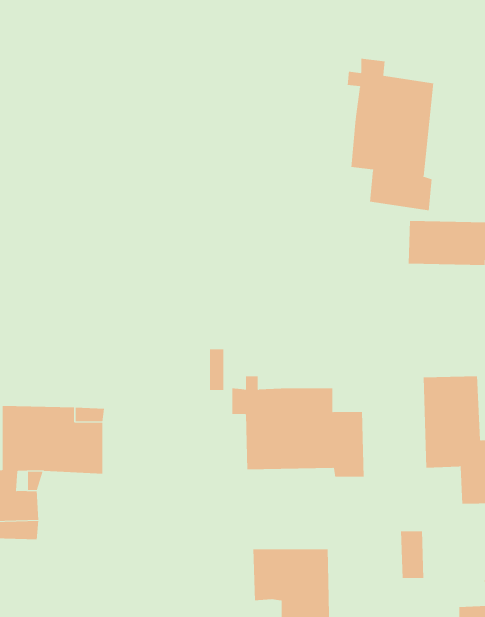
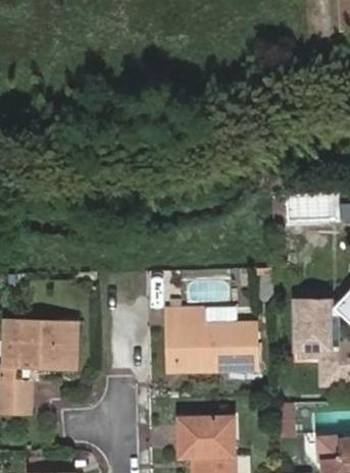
building: [347,58,434,211] -> none
building: none -> [164,325,235,370]

